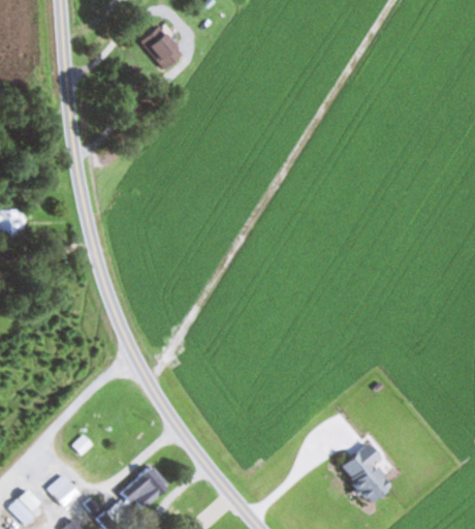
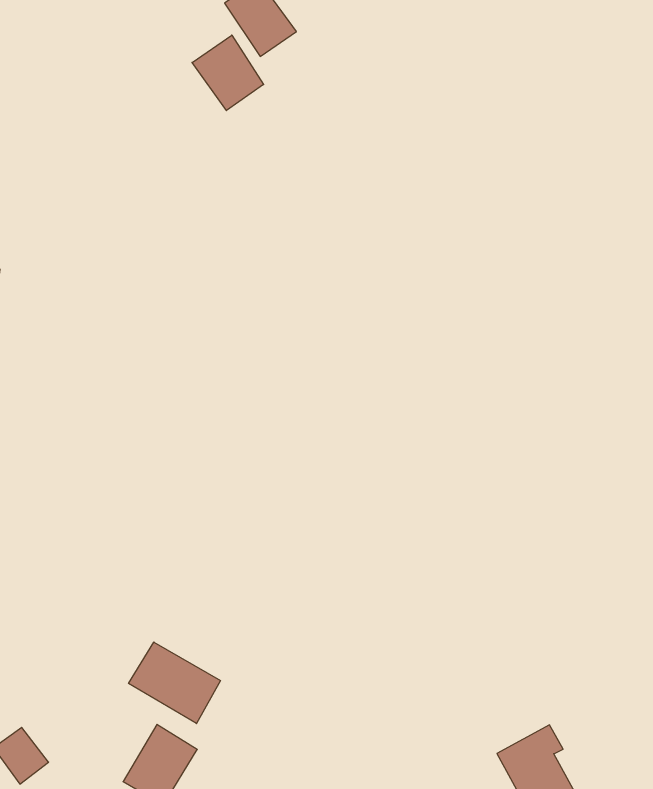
building: none -> [192,35,264,111]
building: none -> [129,642,220,724]

